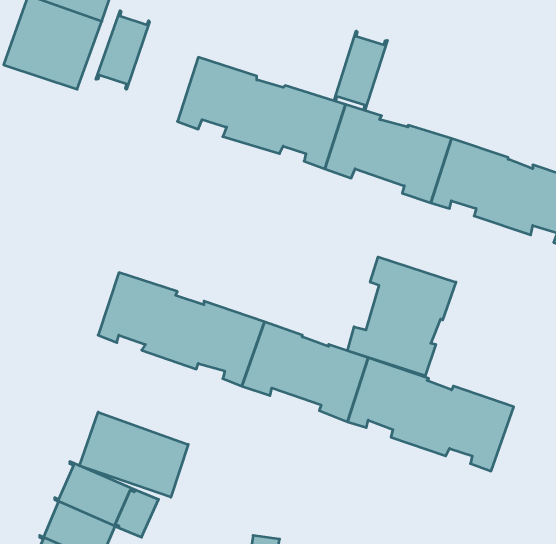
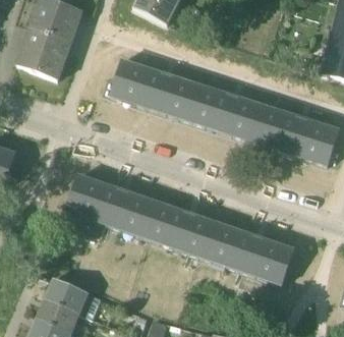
building: [96,11,150,89] -> none
building: [335,31,387,110] -> none
building: [347,257,456,376] -> none
building: [80,412,188,497] -> none

